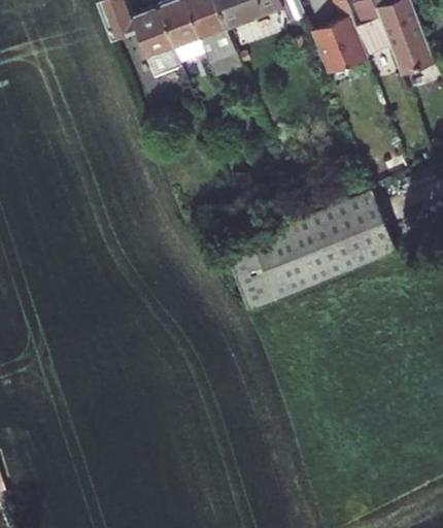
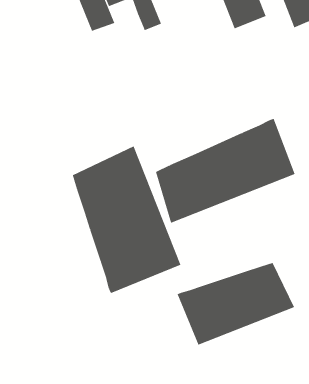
building: none -> [72,146,181,294]
building: none -> [177,262,295,345]

